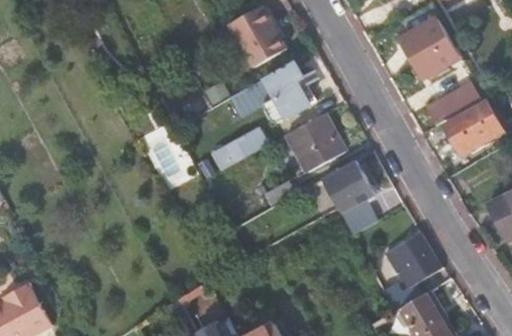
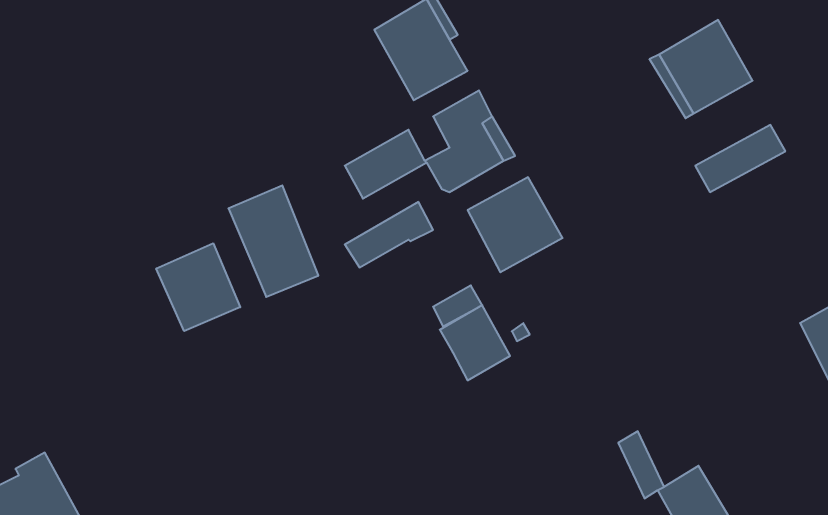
building: [445,100,502,153] -> none
building: none -> [156,243,240,331]
building: [329,177,372,223] -> [440,305,510,380]
building: [385,232,438,284] -> none

